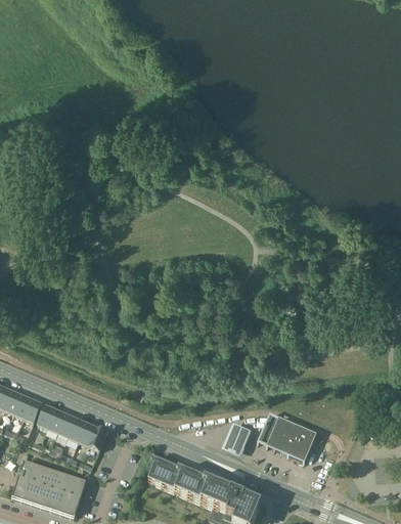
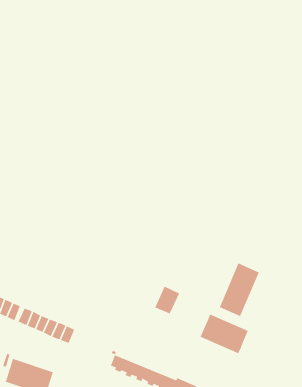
building: none -> [219,262,260,317]
building: [222,422,254,456] -> [154,286,180,314]

